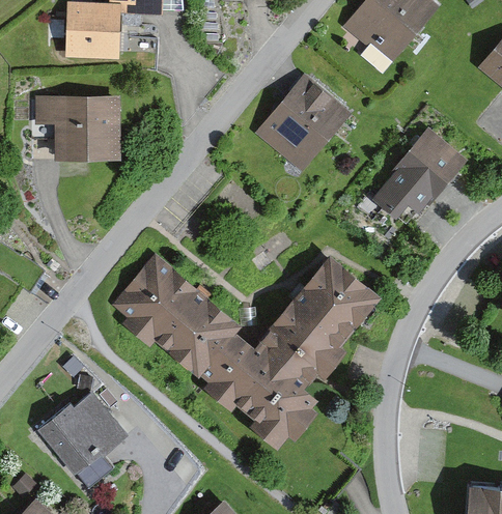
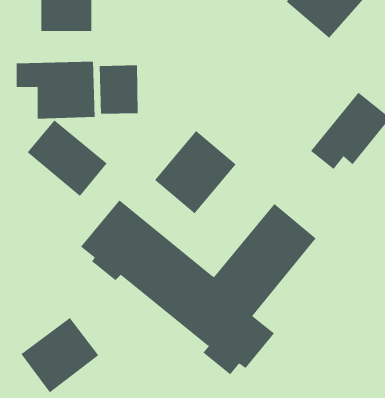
building: [255,78,350,174] -> [154,130,236,214]
building: none -> [99,64,138,115]
building: none -> [27,120,108,197]

